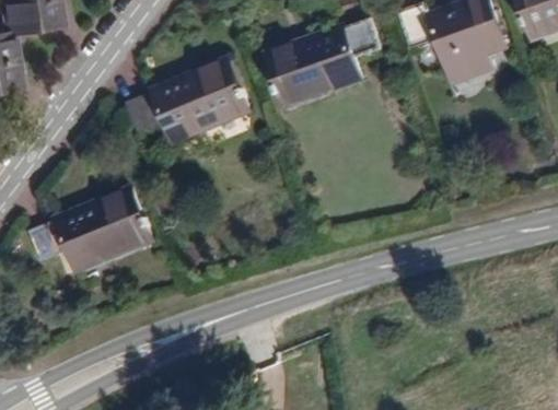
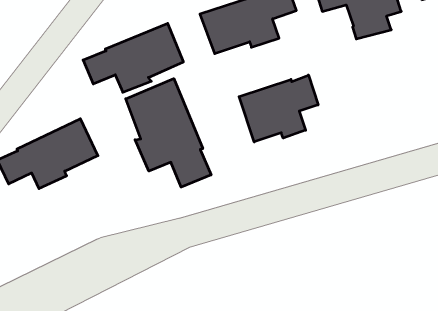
building: none -> [239,75,318,142]
building: none -> [126,79,211,187]

